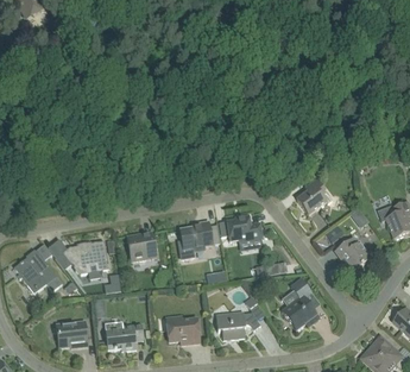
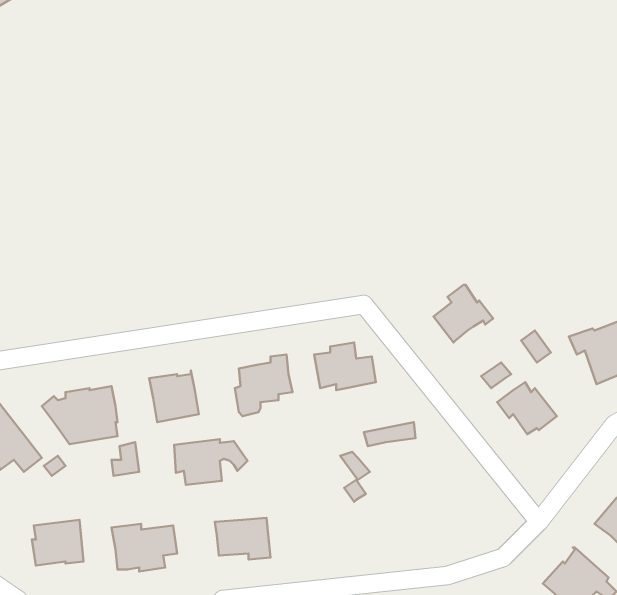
building: [280,276,318,328] -> none
building: [215,310,259,338] -> [174,439,248,485]

